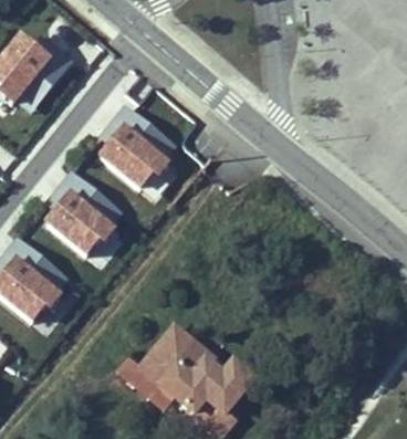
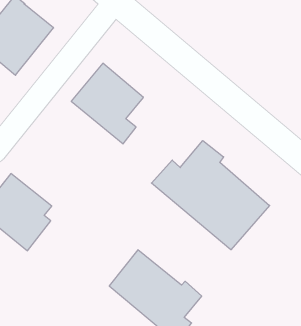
building: [36,170,125,257] -> none
building: none -> [151,141,270,250]

